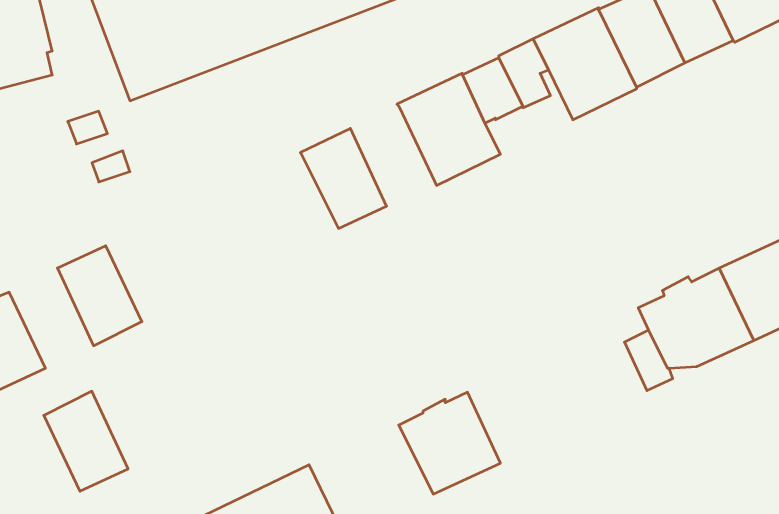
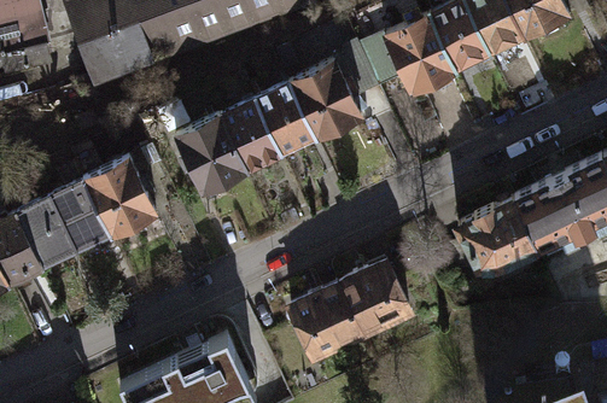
building: none -> [256,83,315,153]
building: none -> [175,115,247,192]
building: none -> [83,157,156,235]
building: none -> [338,258,409,333]
building: [44,391,128,491] -> [17,197,76,267]

